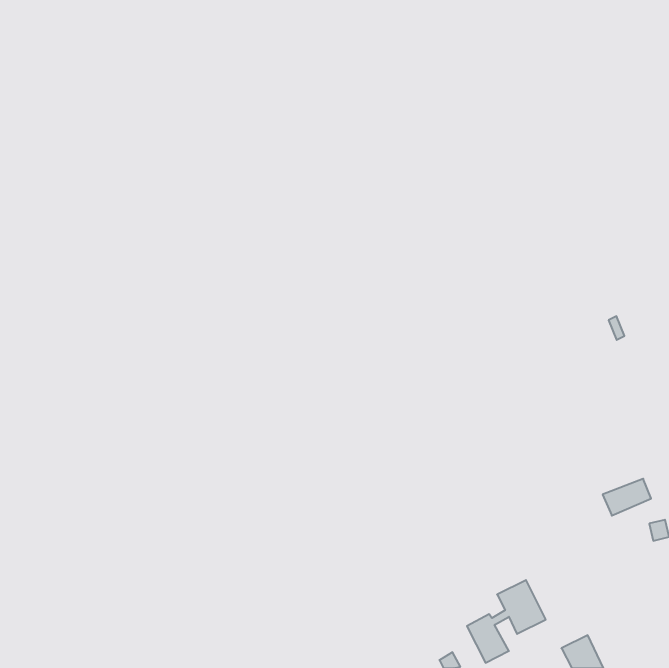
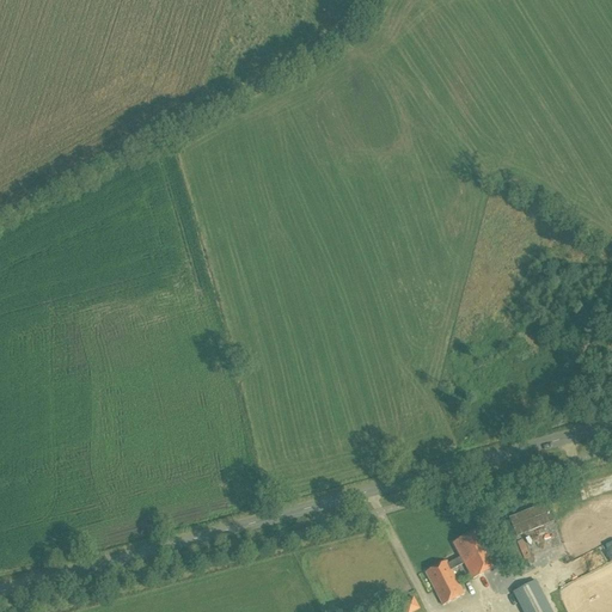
building: [603,479,651,516] -> [508,502,552,536]

